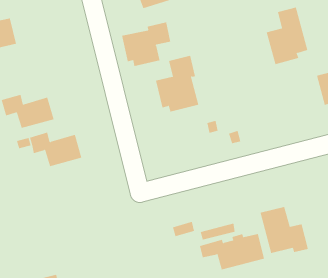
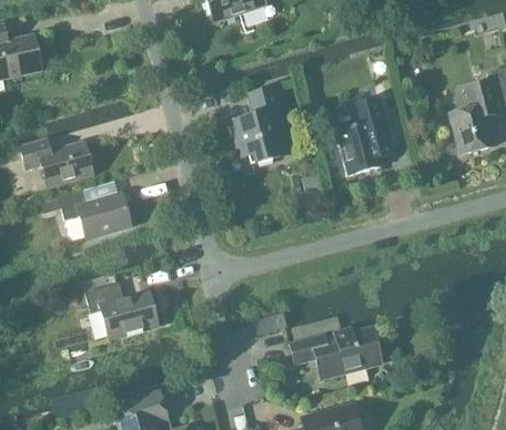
building: [266,7,308,65] -> [337,94,395,173]
building: [122,21,171,67] -> none
building: none -> [85,281,158,336]
building: [260,206,308,254] -> none

